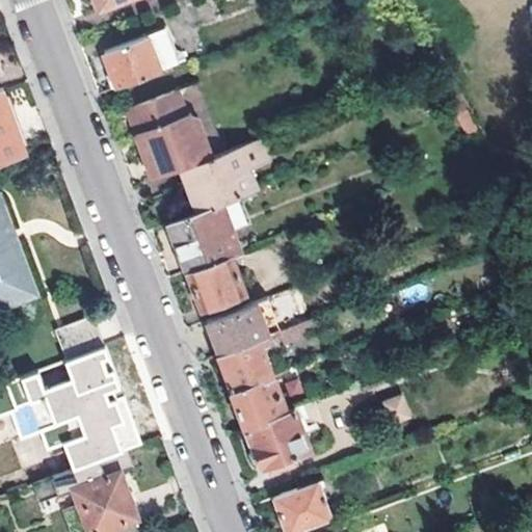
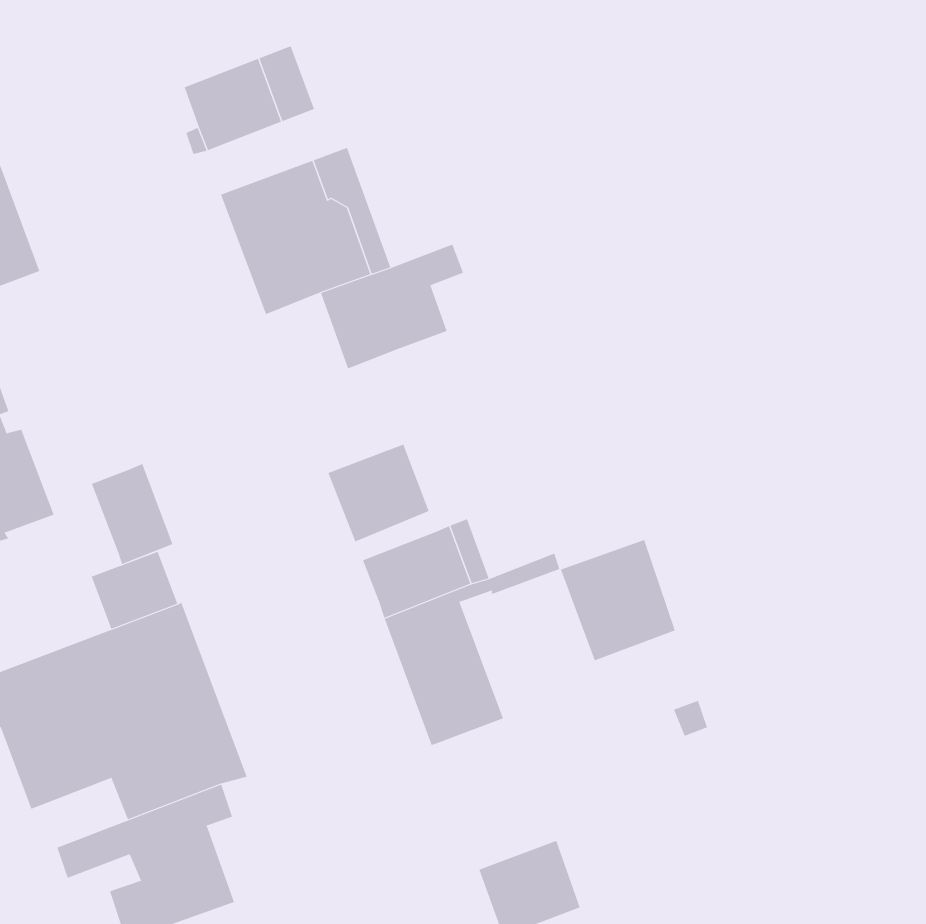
building: [168,203,246,273] -> none
building: none -> [91,463,173,565]
building: none -> [560,539,676,661]
building: [246,414,302,477] -> none

